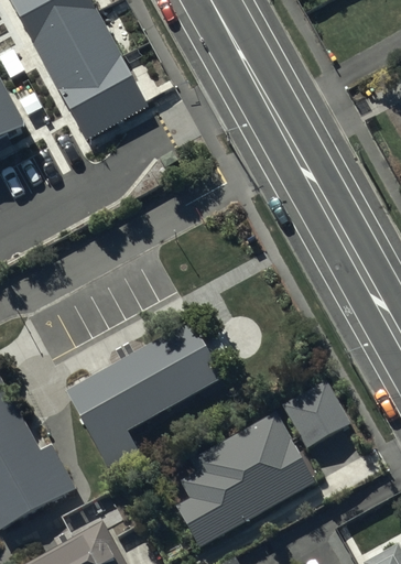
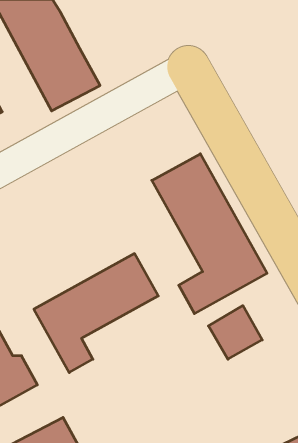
building: none -> [152,154,267,314]
building: [180,414,317,550] -> none

